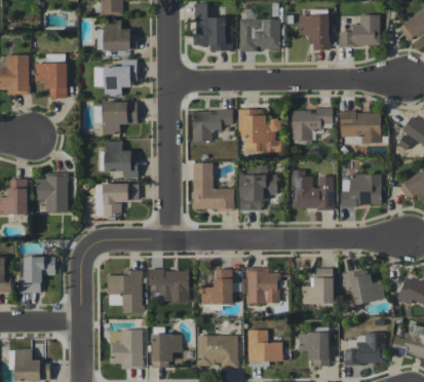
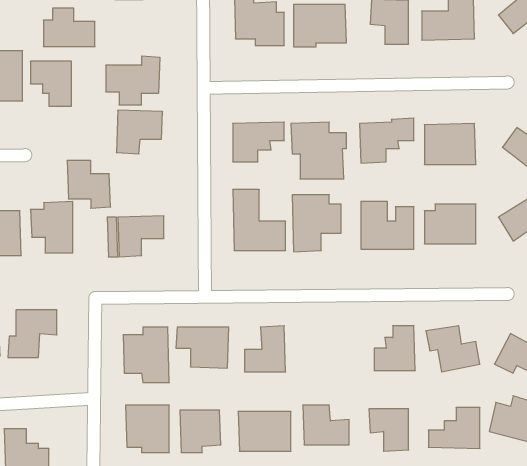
building: [97,20,137,49] -> [43,8,95,47]
building: [104,141,138,178] -> [67,161,111,208]
building: [246,267,279,303] -> none

